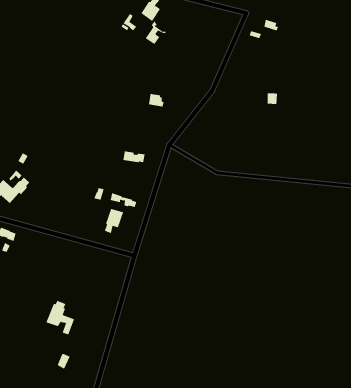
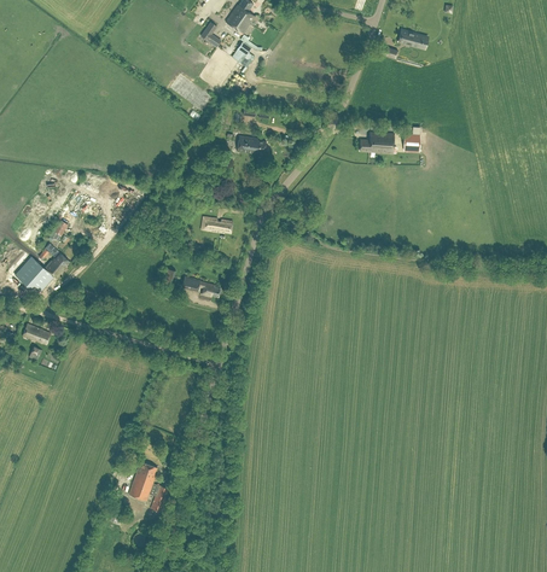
building: none -> [360,130,394,152]
building: [104,208,124,234] -> none
building: [46,300,75,335] -> [128,461,169,510]

